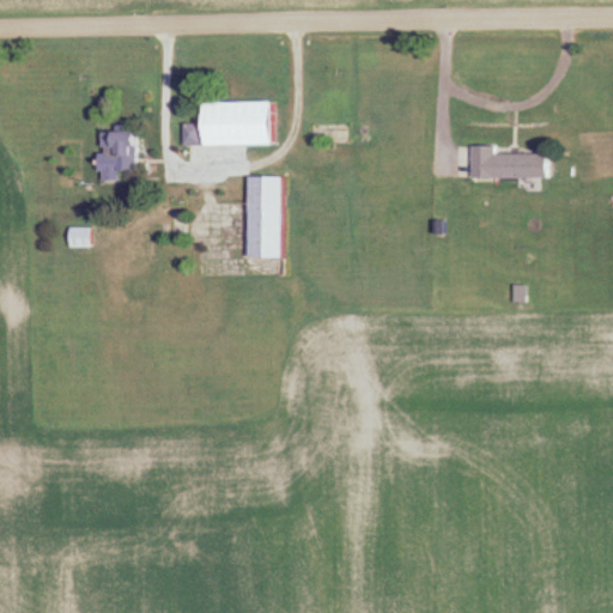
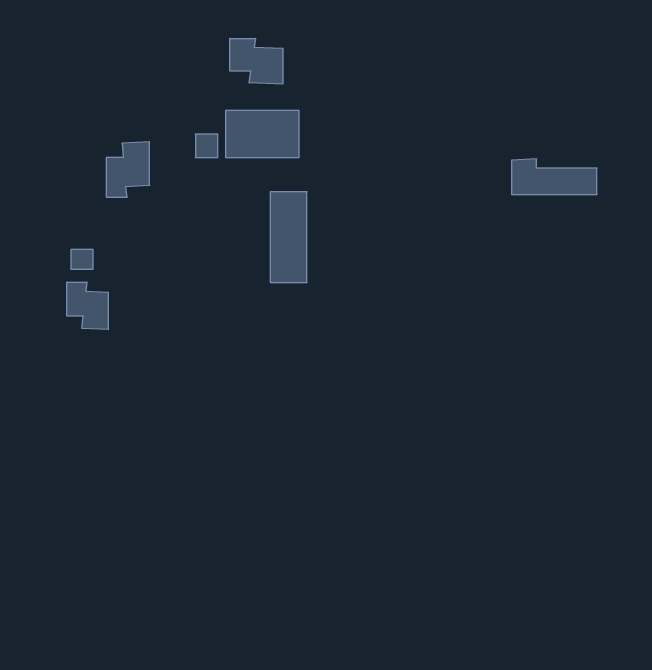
building: none -> [230,38,283,84]
building: none -> [67,282,108,330]

